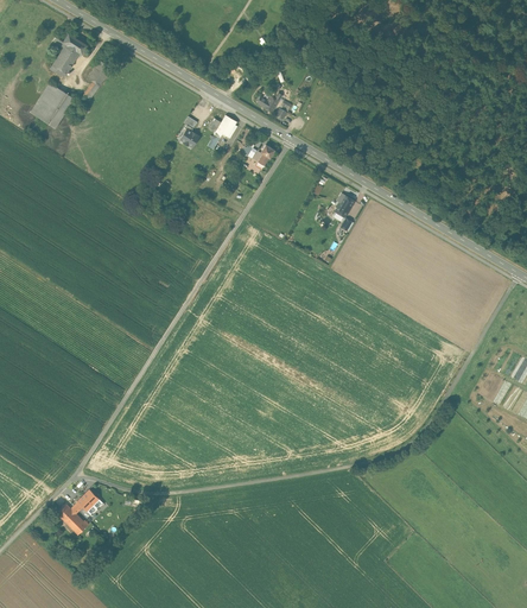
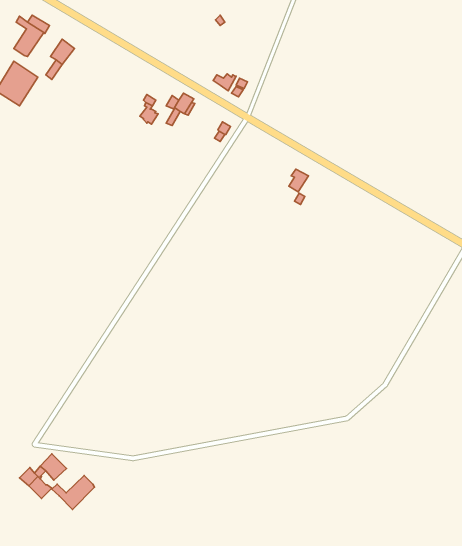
building: none -> [52,475,95,510]

